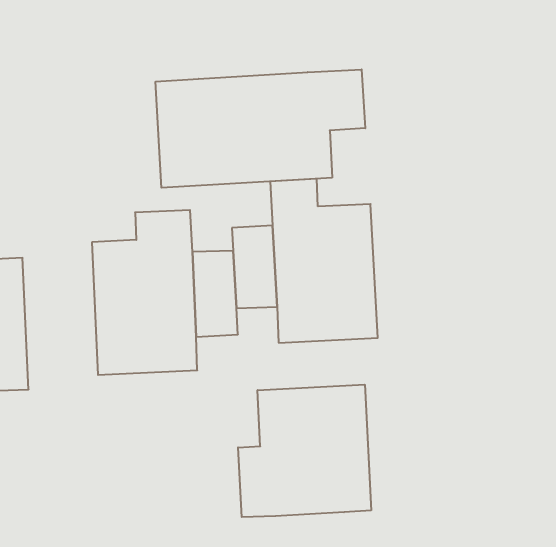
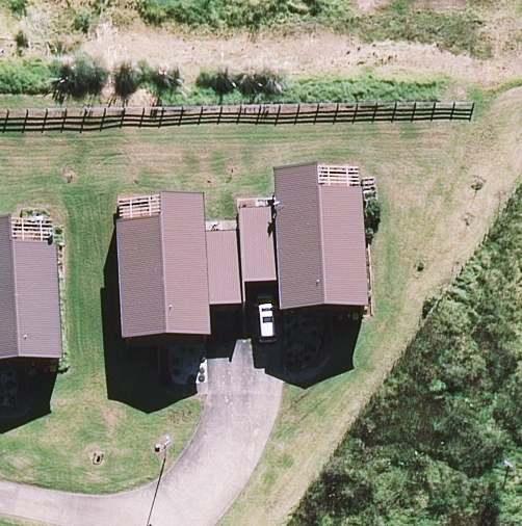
building: [156,69,365,188] -> none
building: [238,385,371,517] -> none

